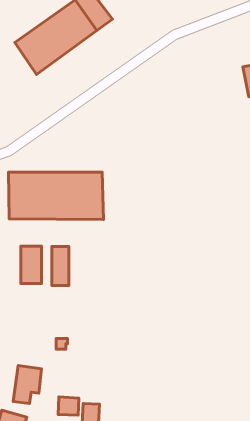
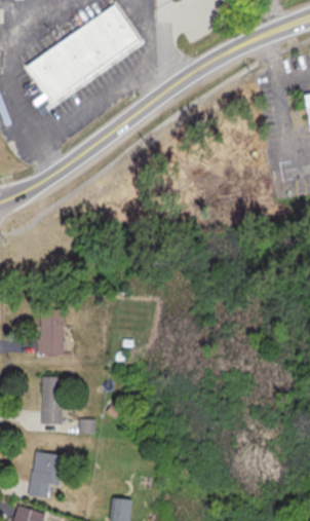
building: [9,172,104,220] -> none
building: [52,247,69,285] -> [41,376,62,422]
building: [58,397,79,415] -> none

